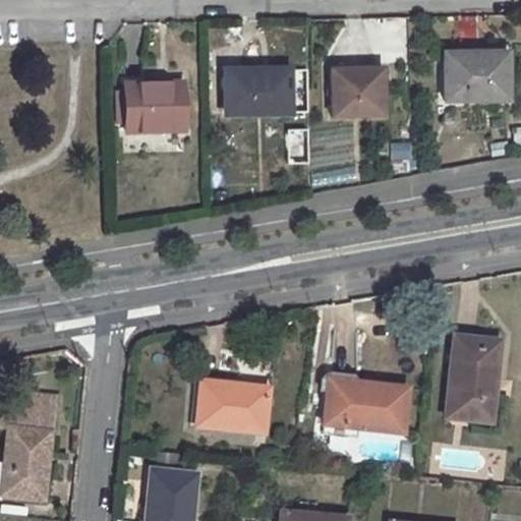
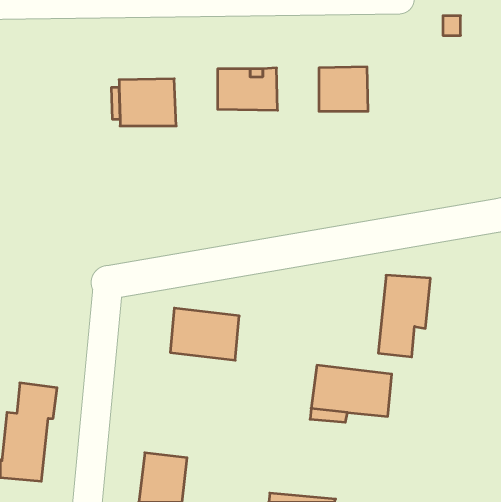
building: [446,53,508,100] -> none
building: [447,336,501,420] -> [378,275,430,357]
building: [197,379,269,432] -> [170,308,239,360]

